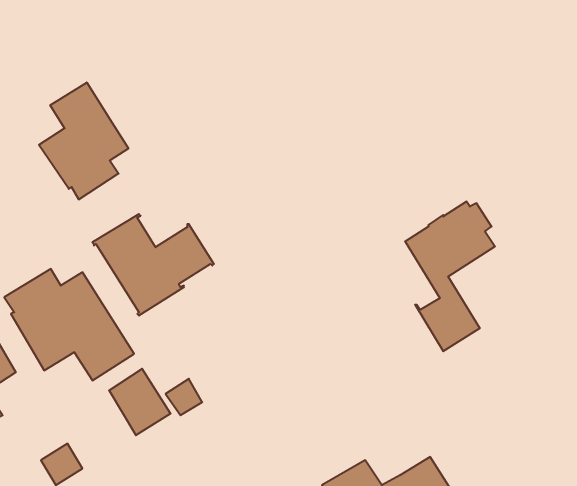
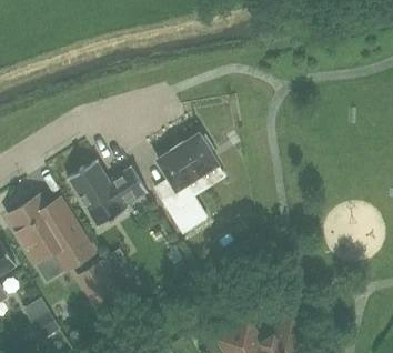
building: [39,82,128,200] -> none
building: [405,202,495,351] -> [157,133,216,233]

